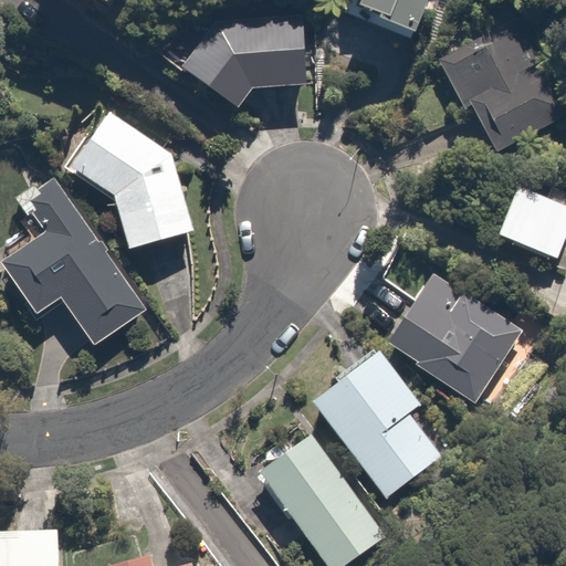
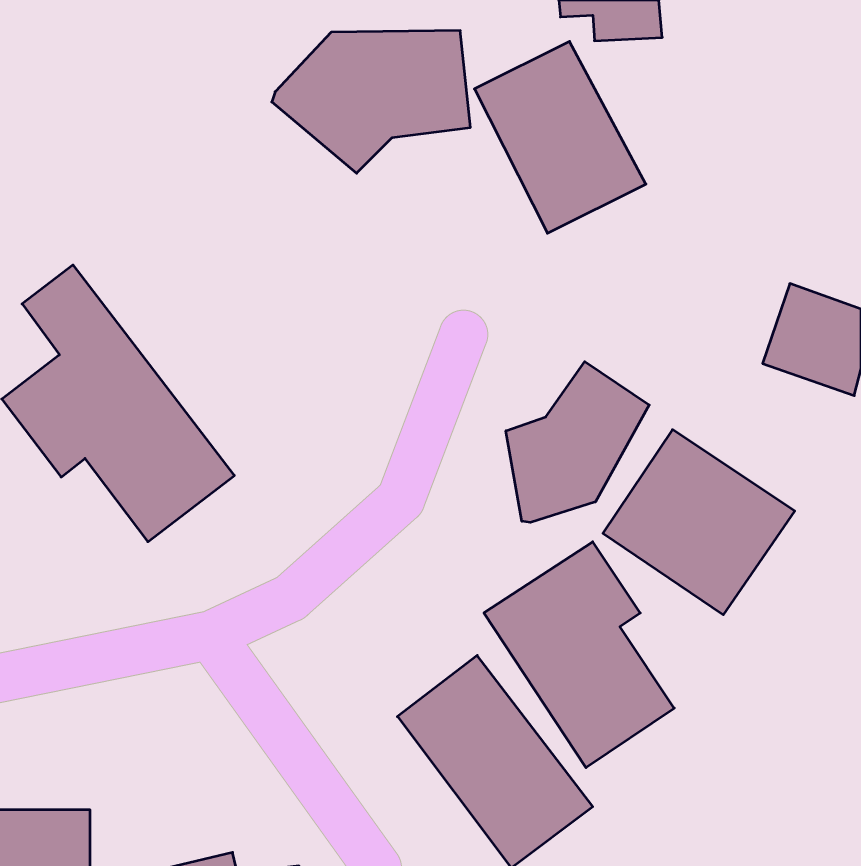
building: [441,28,553,153] -> [474,41,646,233]
building: [71,113,195,248] -> none
building: none -> [506,362,649,522]

